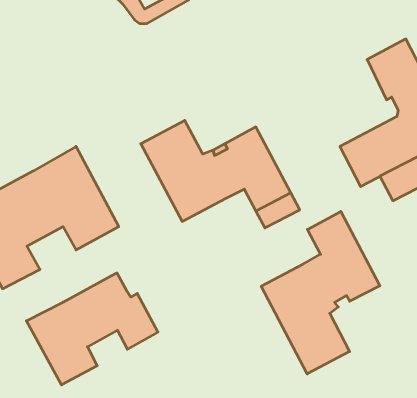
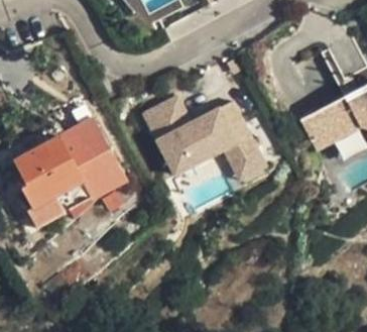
building: [261,211,380,374] -> none
building: [26,273,158,385] -> none

